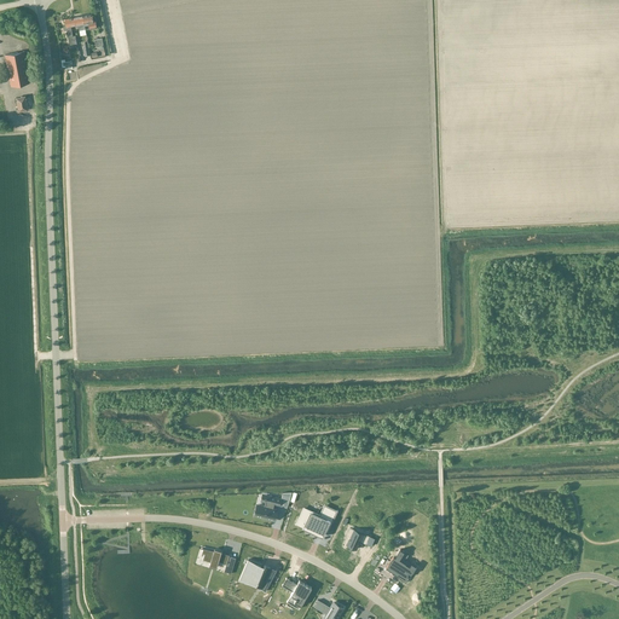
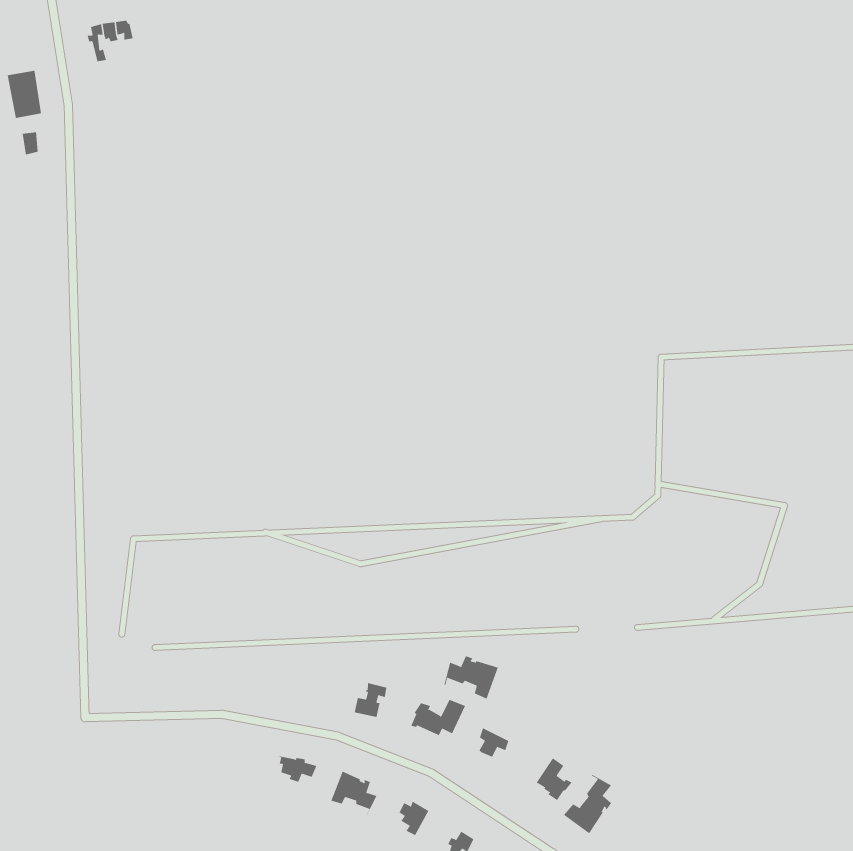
building: none -> [444,655,499,700]
building: none -> [563,774,613,834]

